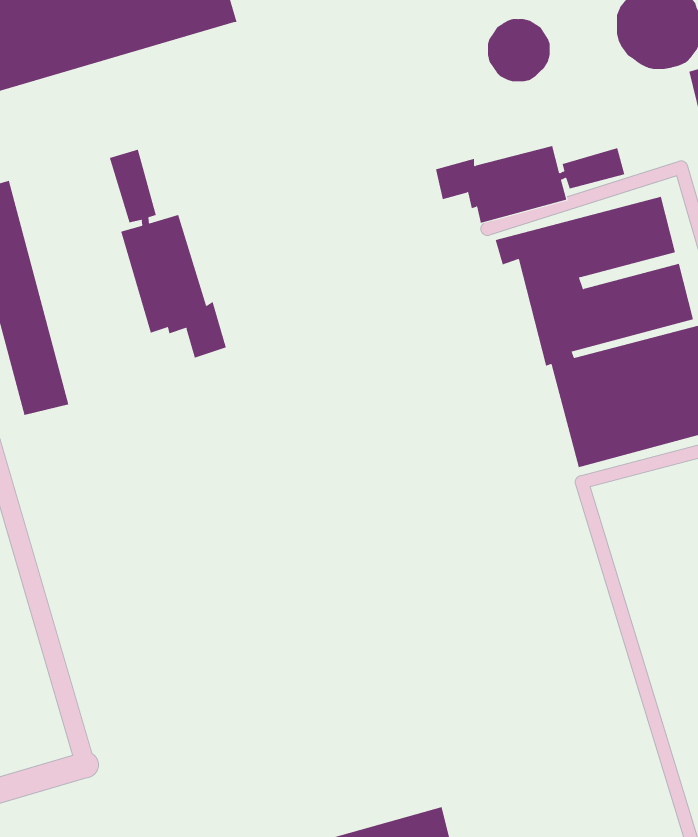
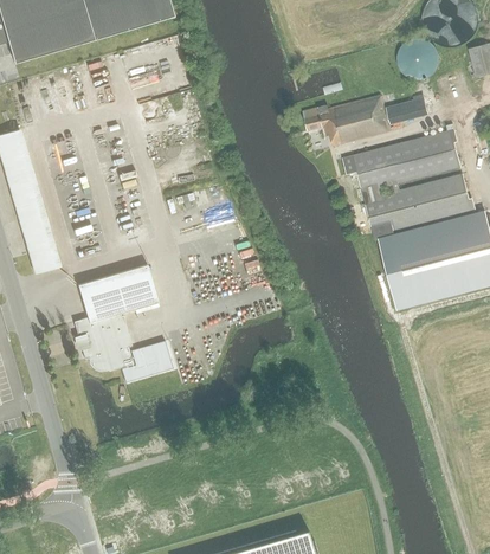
building: [487,19,550,82] -> [396,39,438,80]
building: [109,149,227,358] -> none
building: none -> [73,265,173,384]

